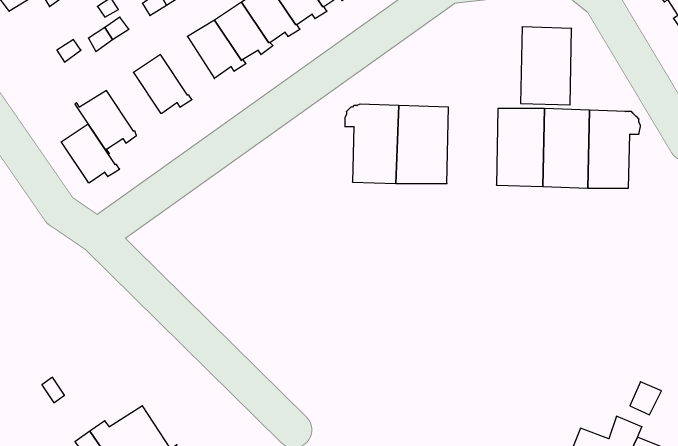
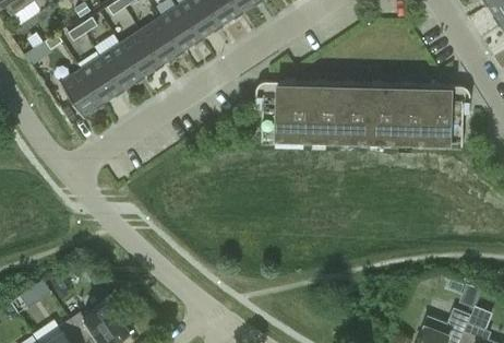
building: [521,27,572,105] -> [328,83,365,140]
building: none -> [120,32,163,74]
building: [61,124,120,183] -> [81,58,123,100]

